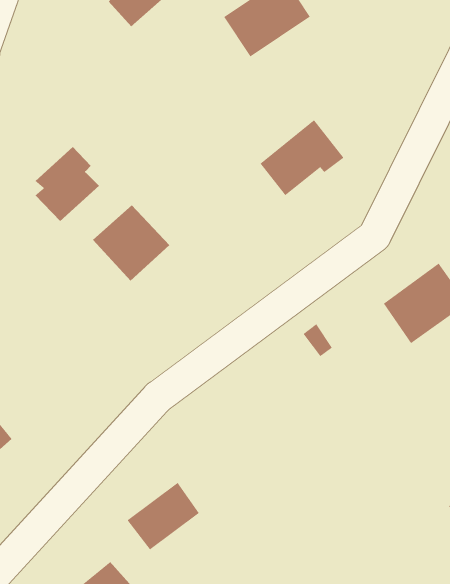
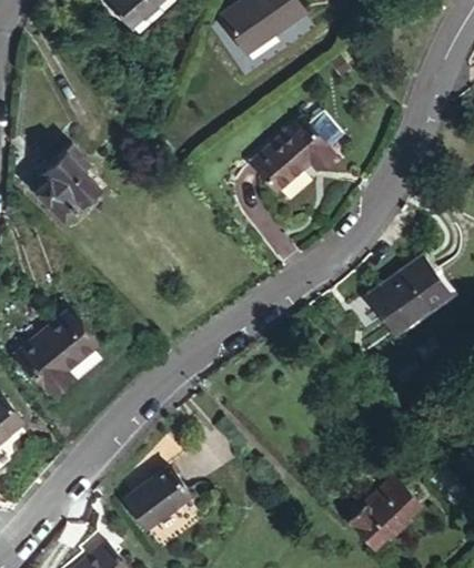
building: [92,204,170,282] -> none
building: none -> [16,313,98,398]
building: none -> [344,477,417,547]

